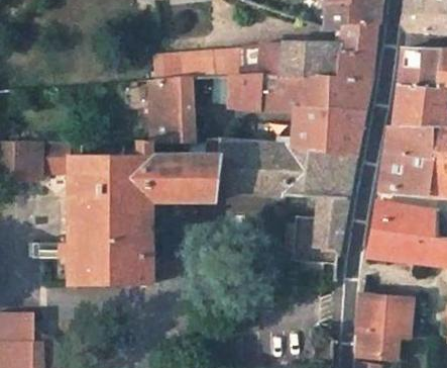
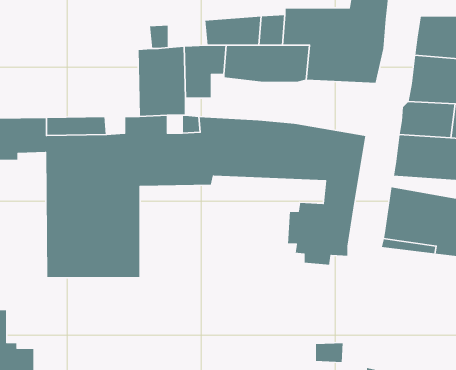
building: [291,106,363,156] -> none
building: [353,297,410,360] -> none

